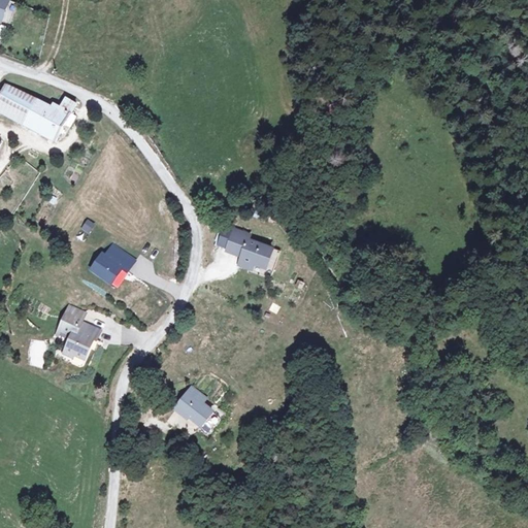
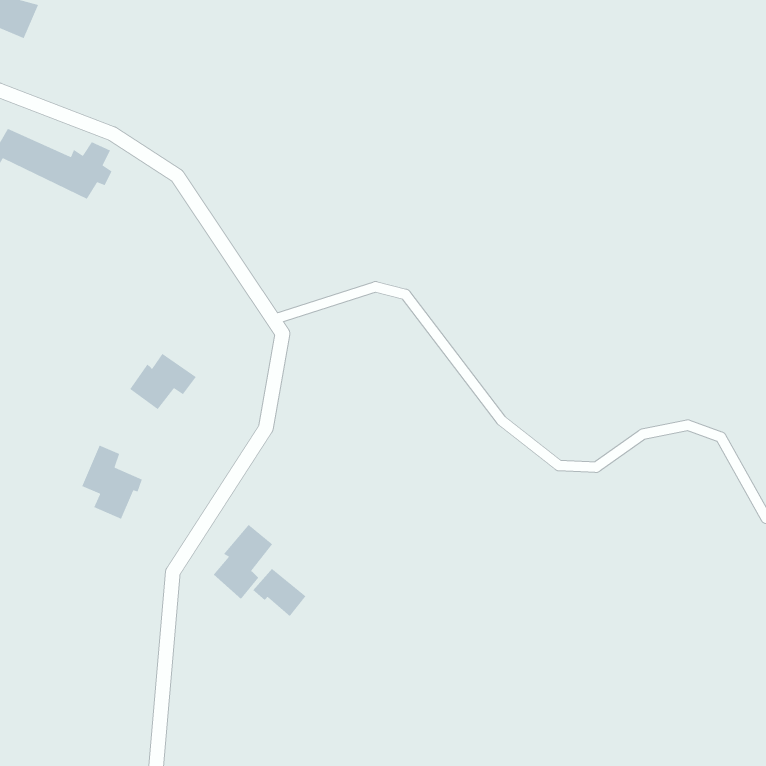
building: [222,230,268,268] -> none
building: none -> [213,524,273,600]

